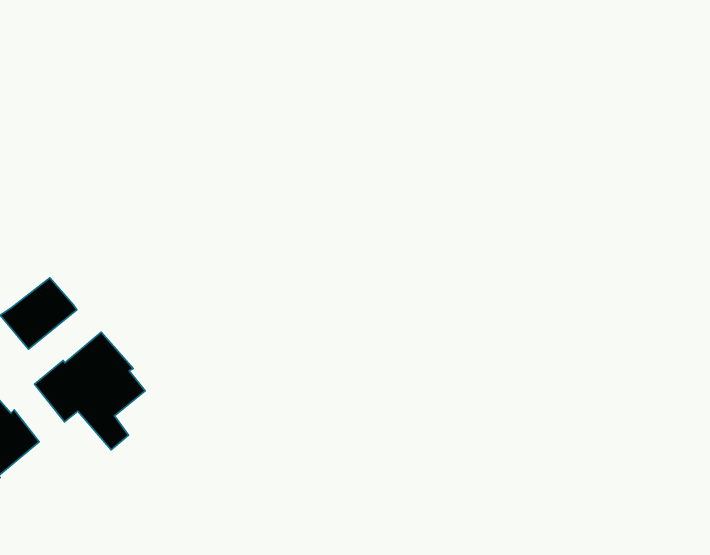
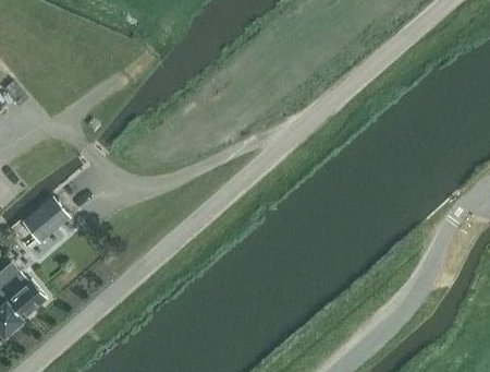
building: [34,332,145,450] -> none

